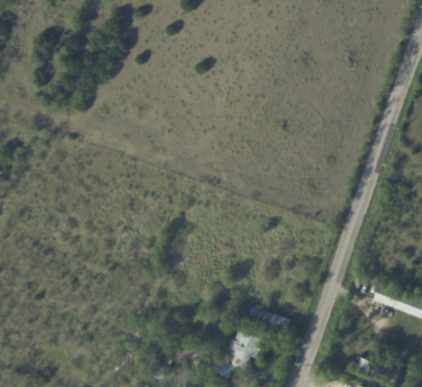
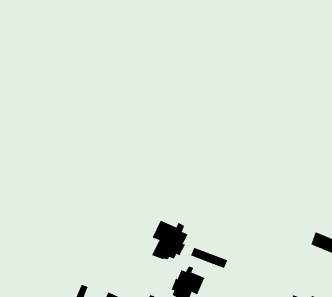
building: none -> [151,220,188,260]

